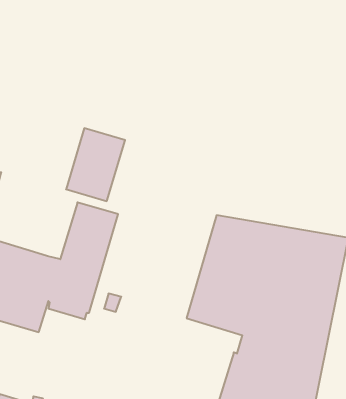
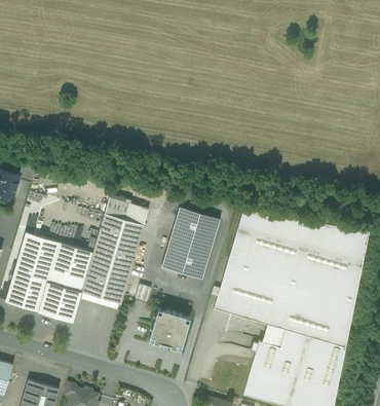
building: [66,128,125,201] -> [162,209,219,279]
building: none -> [148,308,190,350]

